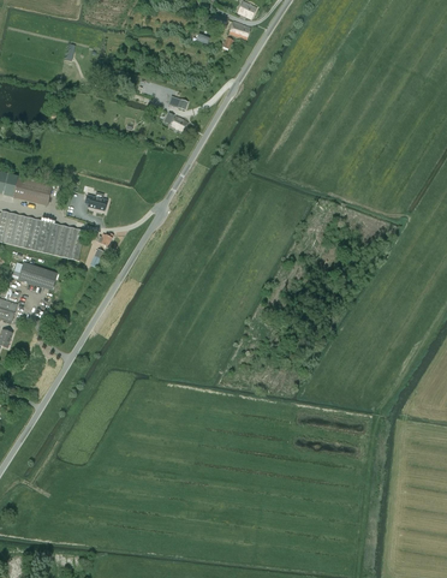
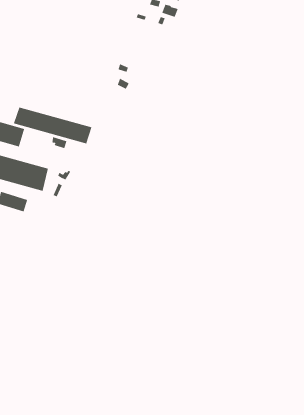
building: none -> [13,106,93,144]

